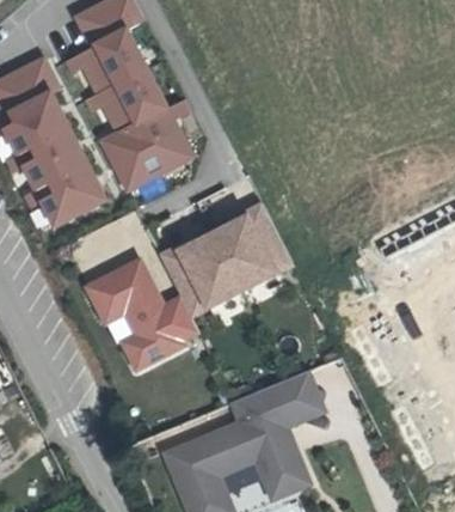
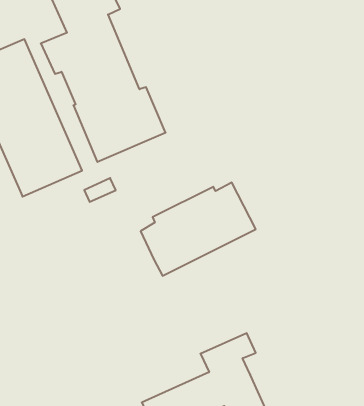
building: [88,261,199,370] -> none
building: [279,368,325,425] -> none

